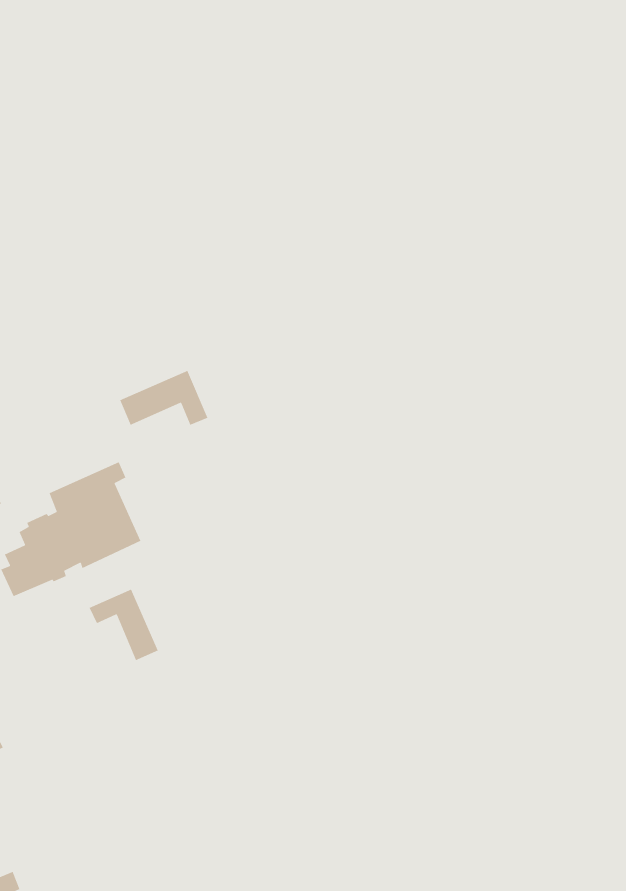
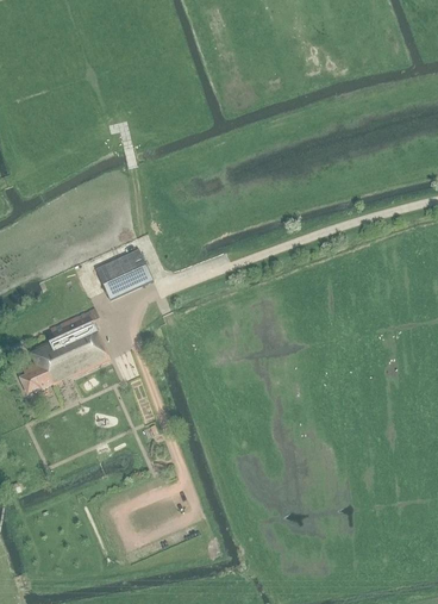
building: [89,588,159,661] -> none

